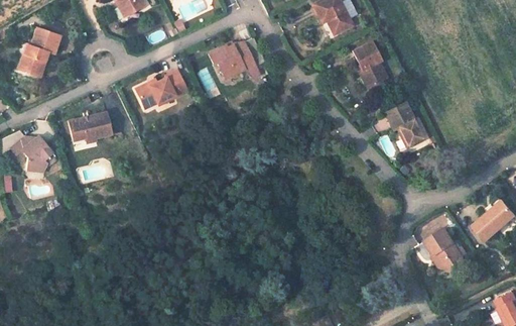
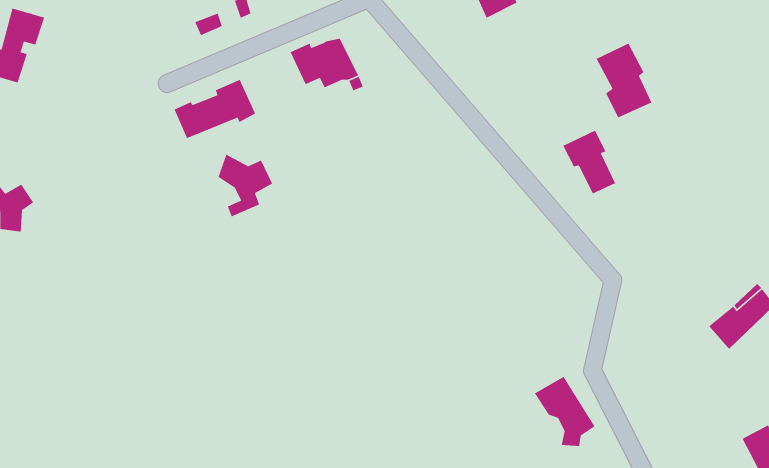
building: [350,38,386,87] -> [595,43,653,119]
building: [66,115,108,142] -> none
building: none -> [217,153,273,218]
building: [426,225,466,270] -> [534,376,596,447]

